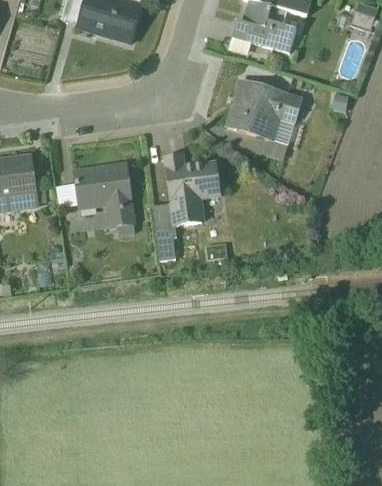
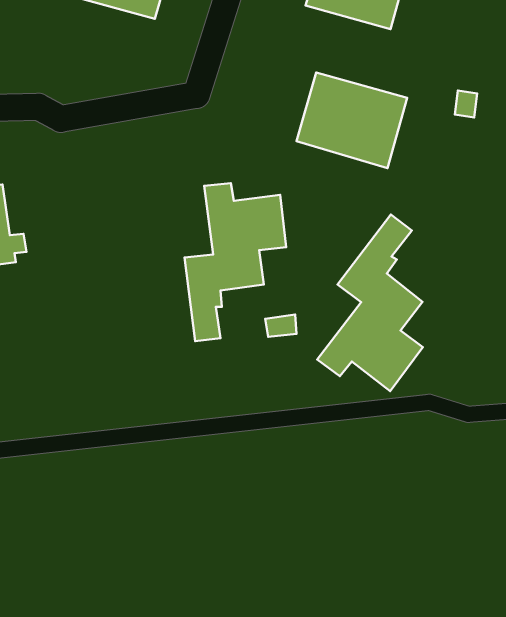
building: [74,162,135,234] -> none
building: none -> [317,214,423,391]

